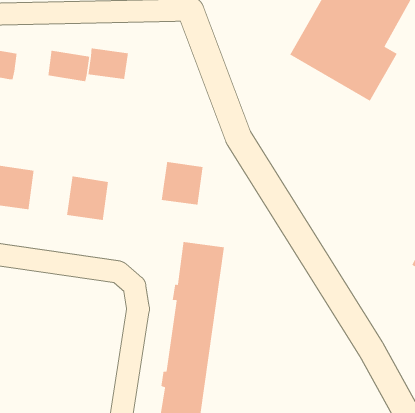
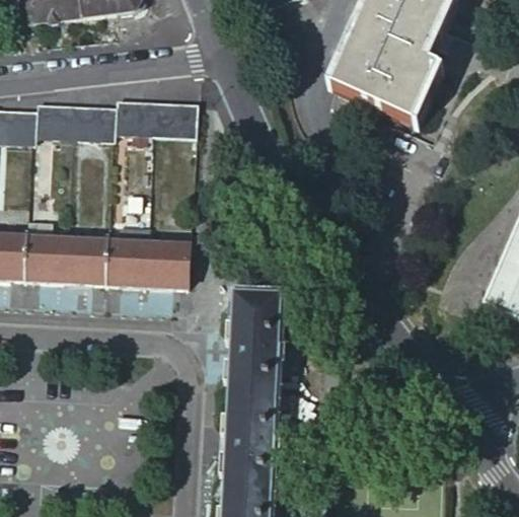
building: none -> [35,104,72,135]
building: none -> [154,102,197,134]
building: [161,161,204,206] -> [145,242,188,287]
building: none -> [64,237,106,283]

